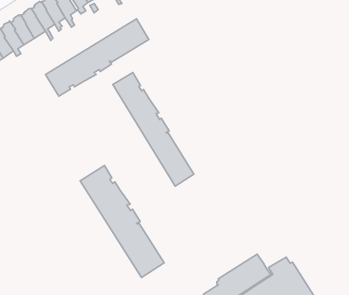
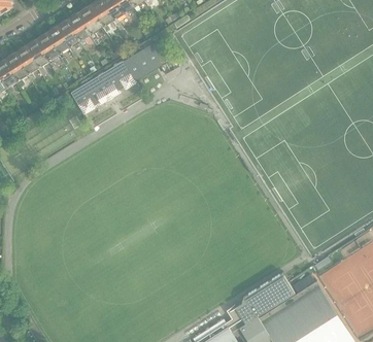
building: [113,72,194,186] -> none
building: [80,166,164,278] -> none

